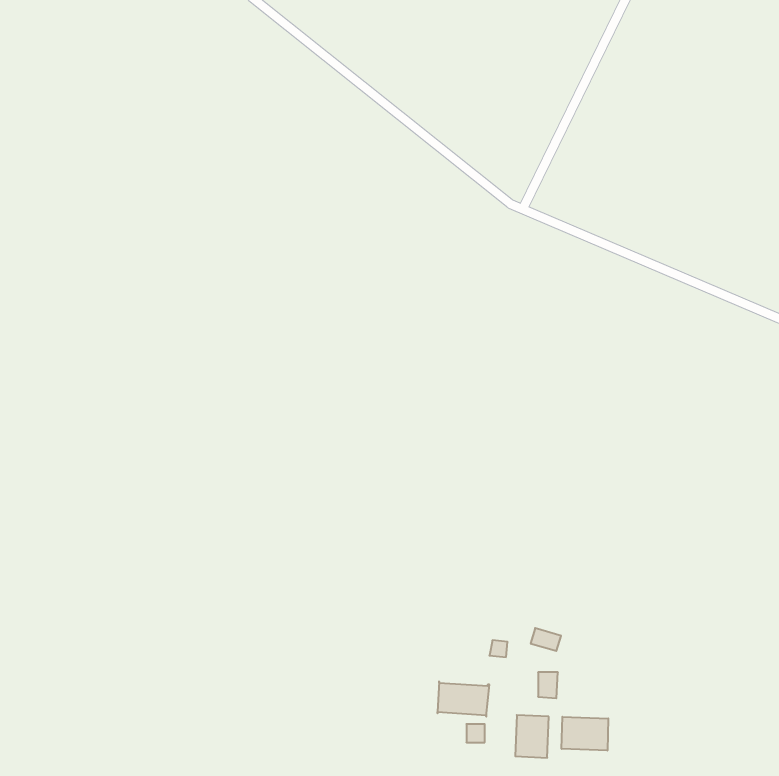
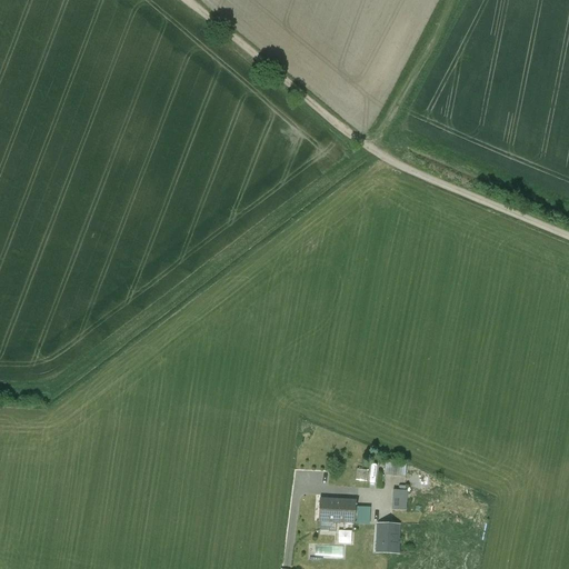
building: [562,717,608,751] -> none

